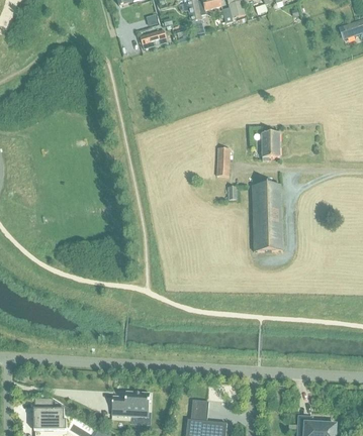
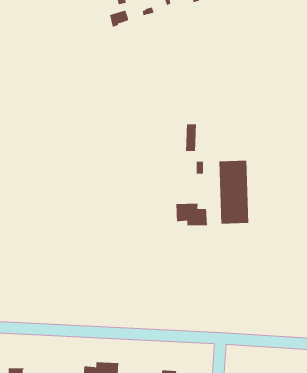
building: [261,130,279,158] -> none
building: none -> [176,203,207,226]

